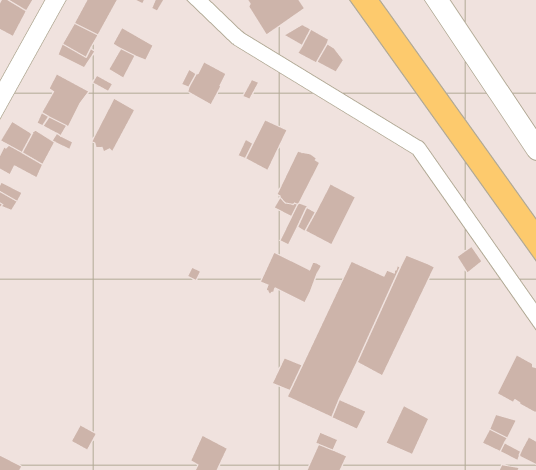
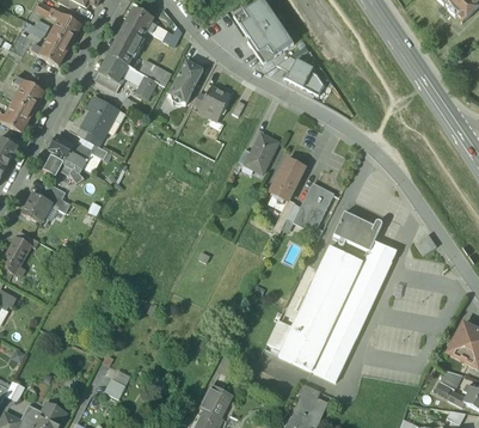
building: [92,98,135,152] -> [168,59,203,102]
building: [260,252,321,303] -> [333,209,382,250]
building: [386,406,429,455] -> [320,326,355,366]

